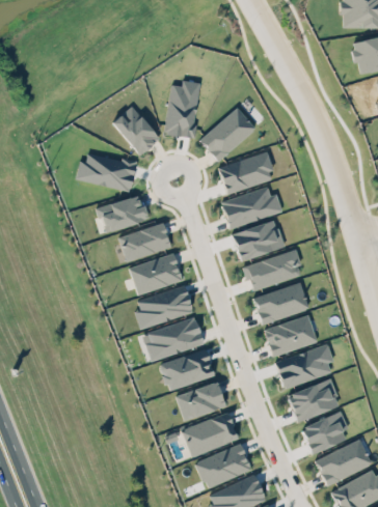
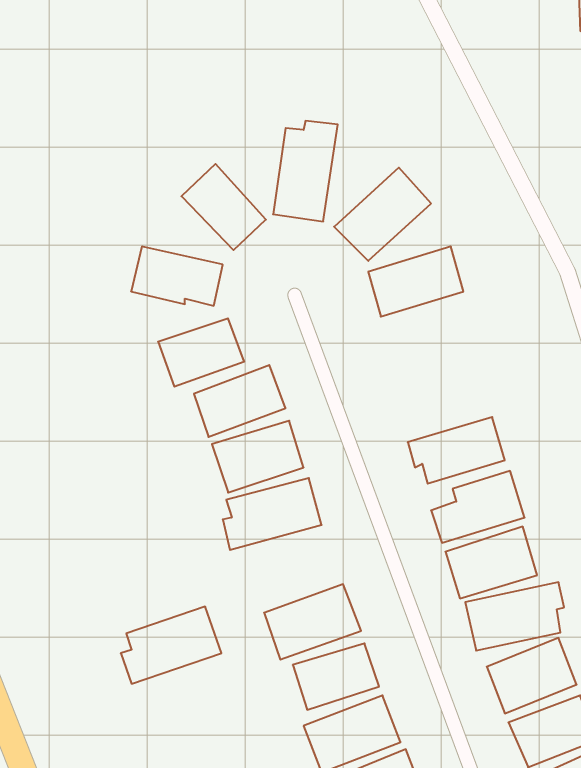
building: [221,187,284,228] -> none
building: [233,221,285,260] -> none
building: [146,316,205,361] -> [121,607,221,684]

